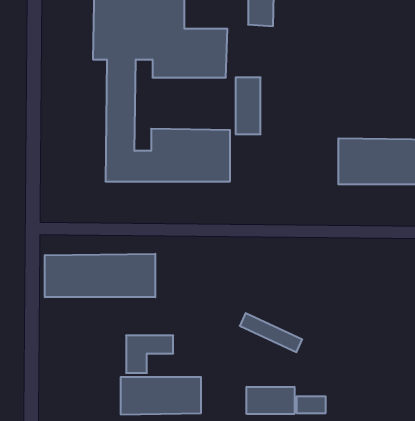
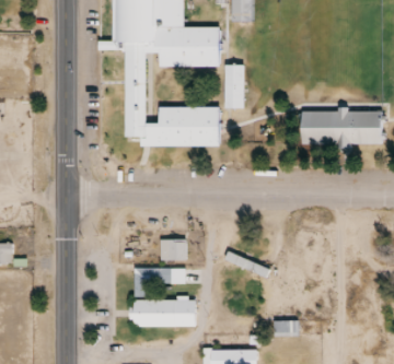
building: [45,254,155,297] -> none
building: none -> [162,239,193,261]
building: [247,387,294,414] -> none

